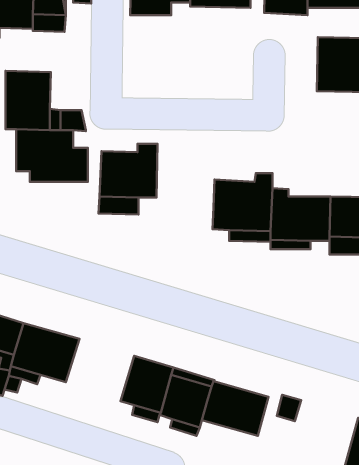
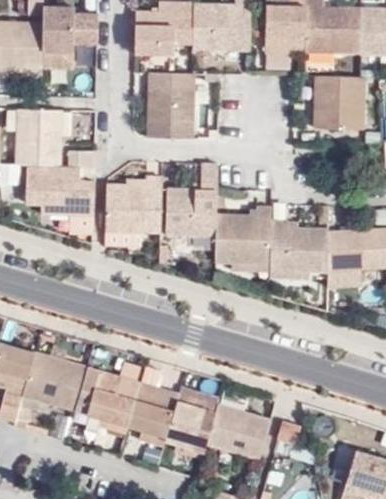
building: none -> [147,74,196,140]
building: none -> [165,164,216,239]
building: none -> [74,364,139,431]

